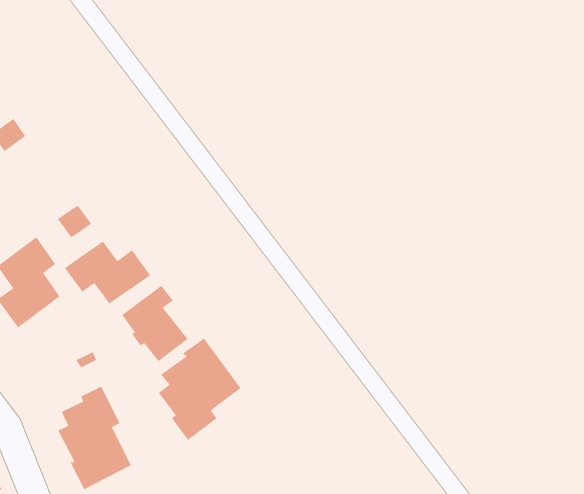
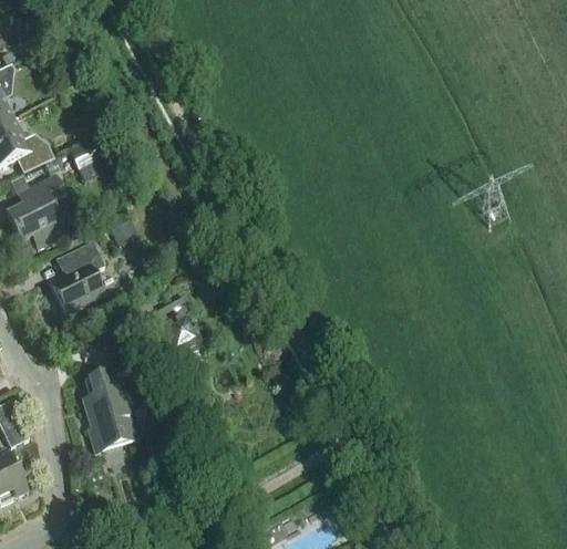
building: [64,240,151,305] -> none
building: [158,337,242,441] -> none

